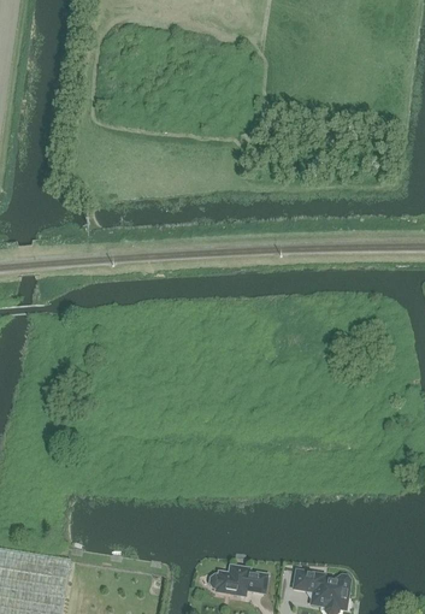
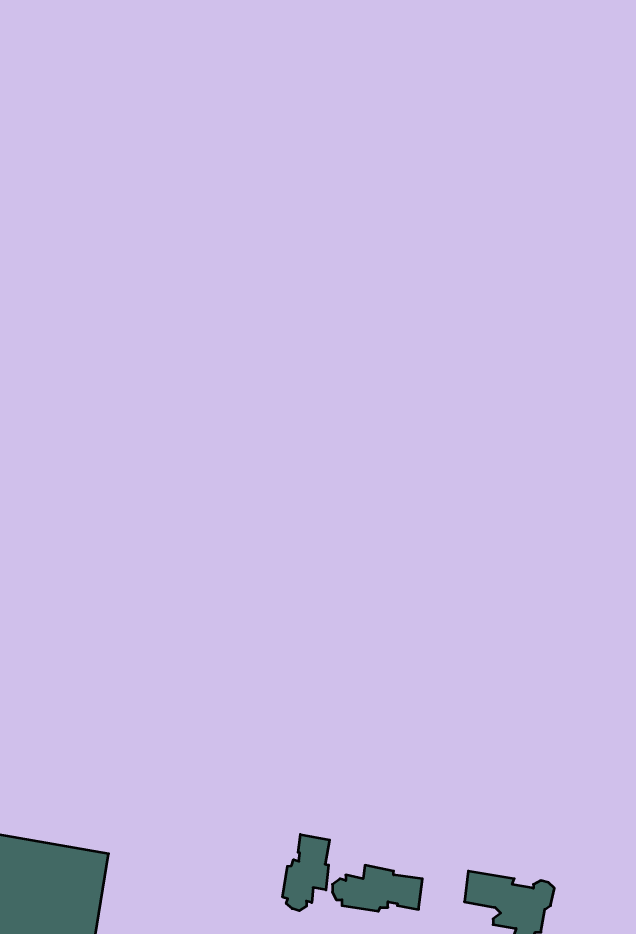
building: none -> [283,834,330,911]

